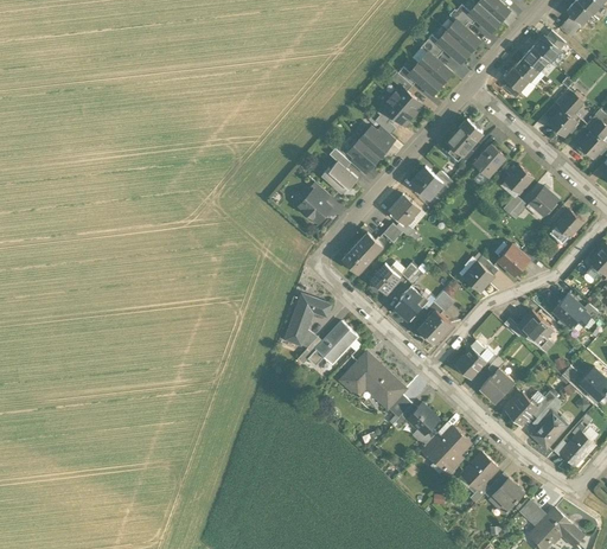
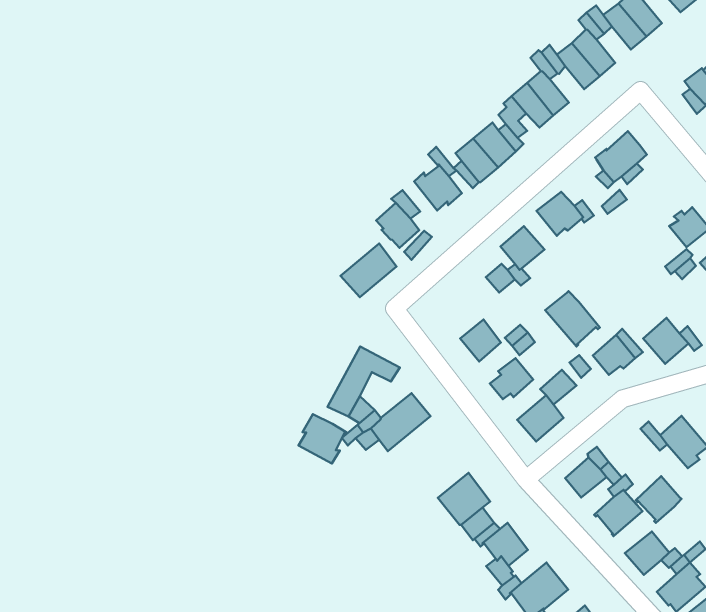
building: [473,145,505,178] -> none
building: [343,234,381,273] -> [341,244,396,297]
building: none -> [545,291,600,347]
building: none -> [298,414,346,464]
building: [340,352,389,398] -> none
building: none -> [636,476,681,523]

